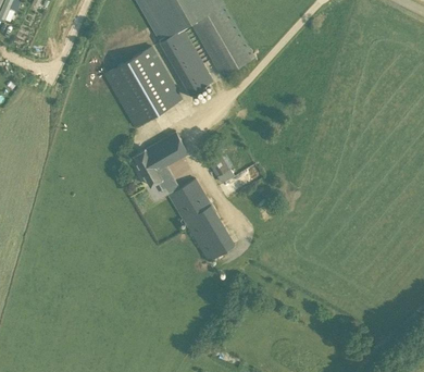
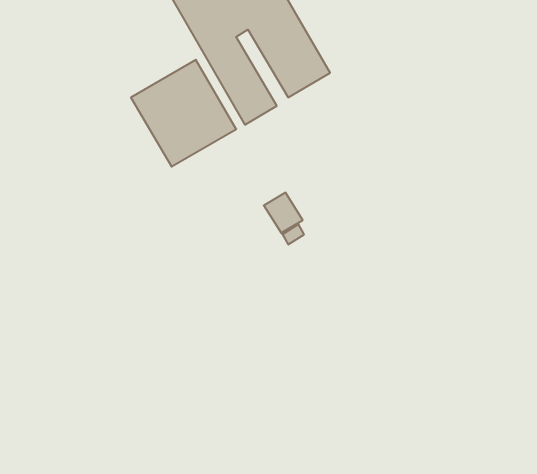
building: [134,133,236,263] -> none

